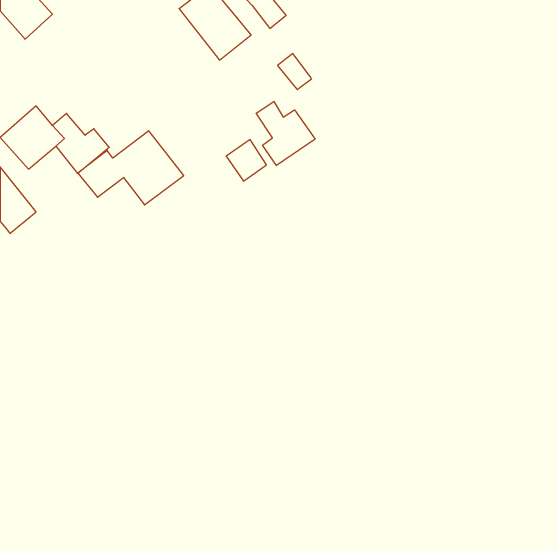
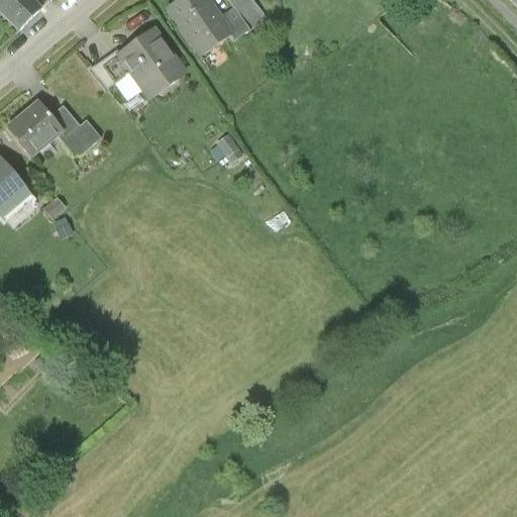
building: [278,54,311,90] -> [219,5,250,38]
building: [256,101,315,166] -> none
building: [78,131,184,205] -> [89,27,187,96]

